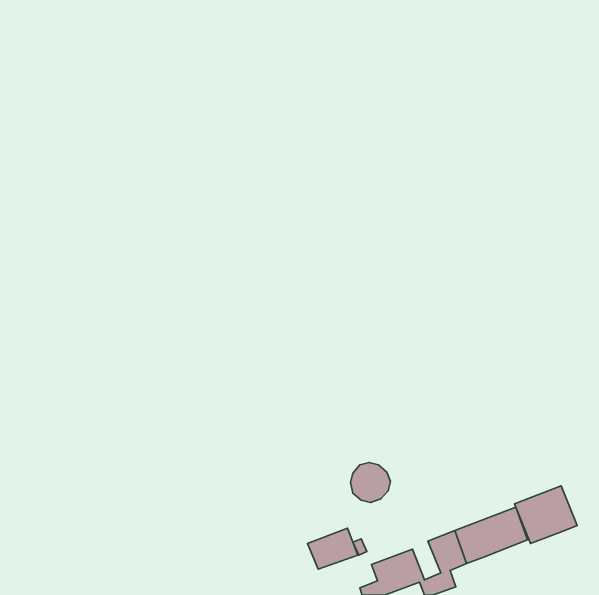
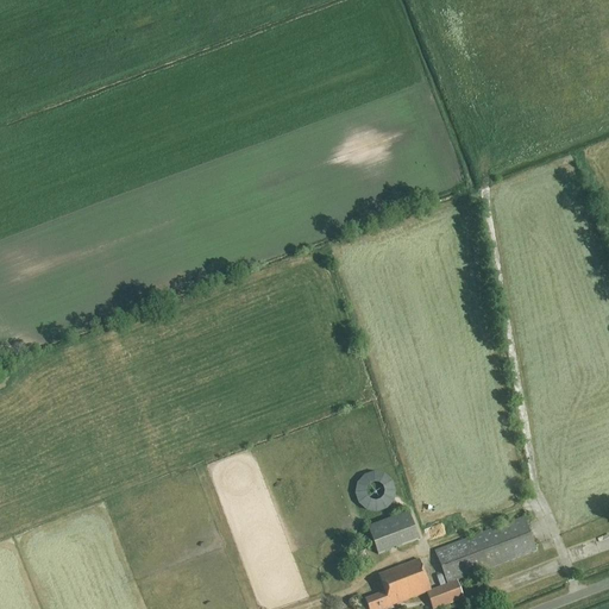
building: [514,486,577,543] -> none
building: [308,528,358,569] -> [366,510,417,552]

